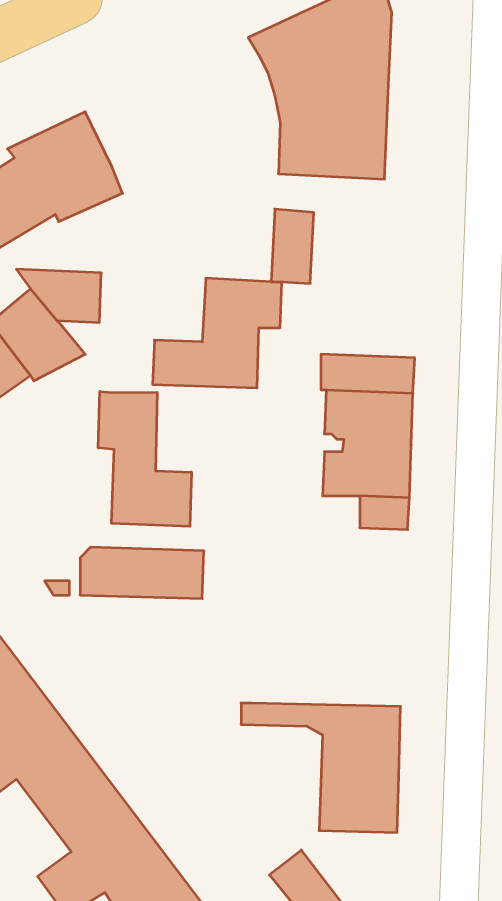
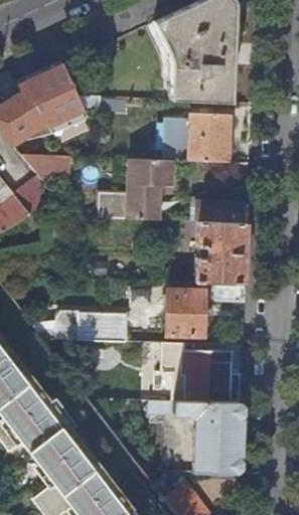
building: none -> [189,114,233,164]
building: [98,391,191,526] -> none
building: none -> [168,291,205,335]
building: none -> [156,342,242,402]

